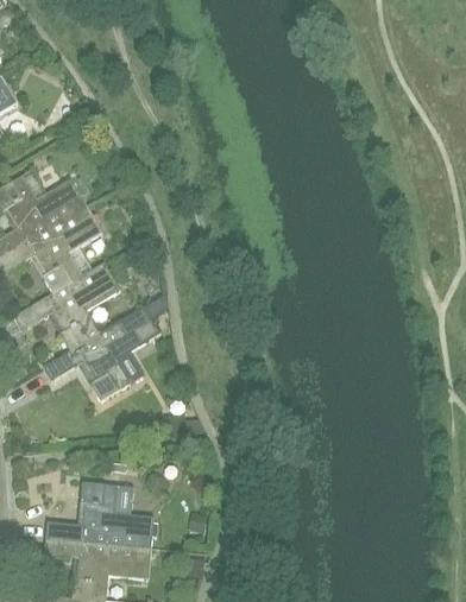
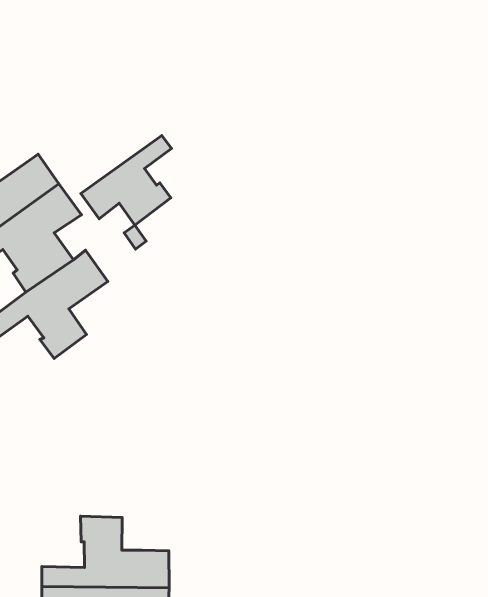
building: none -> [81,136,171,225]
building: [43,304,159,400] -> none

